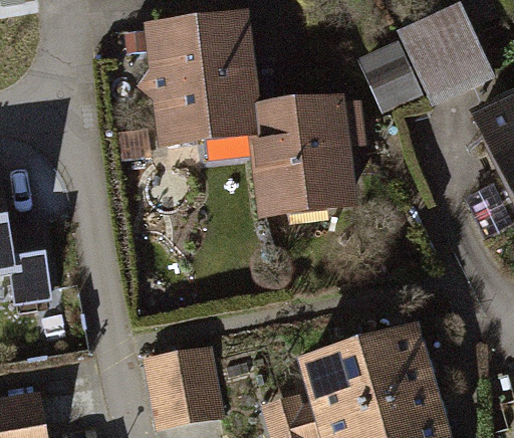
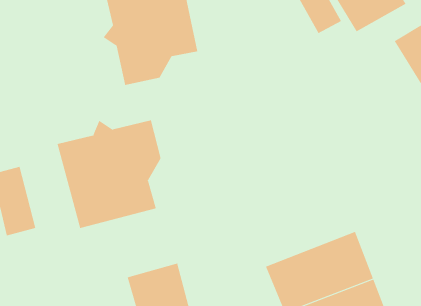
building: [252,100,348,205] -> none
building: none -> [57,119,161,229]

